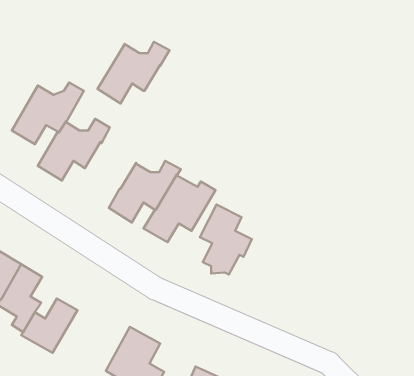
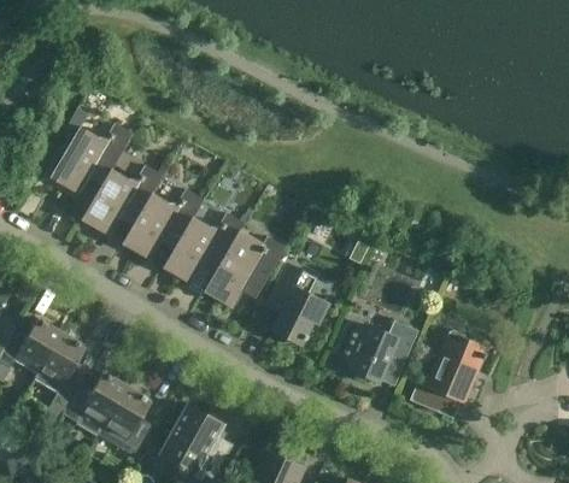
building: [98,42,170,103] -> [122,189,205,260]
building: none -> [339,320,417,383]
building: none -> [409,331,487,413]
building: none -> [98,385,152,457]

